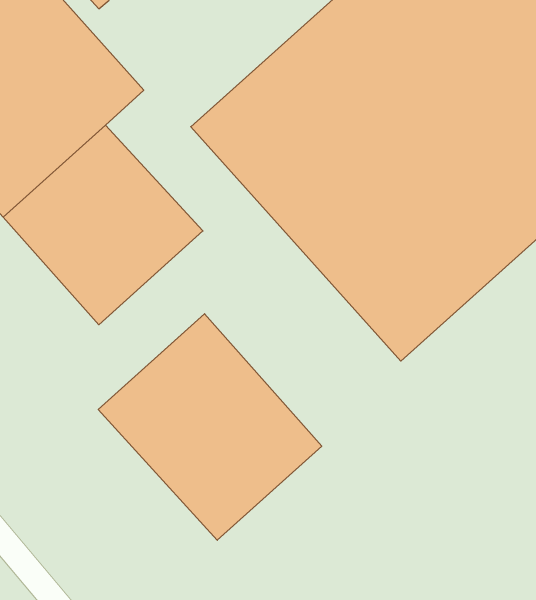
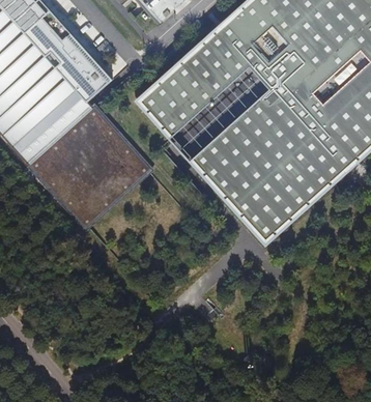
building: [98,314,322,540] -> none

